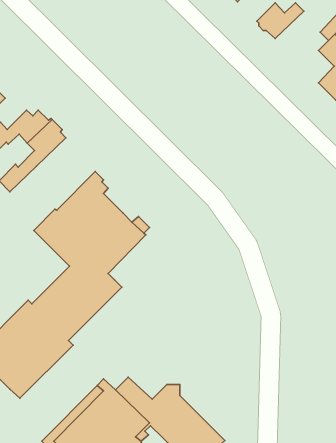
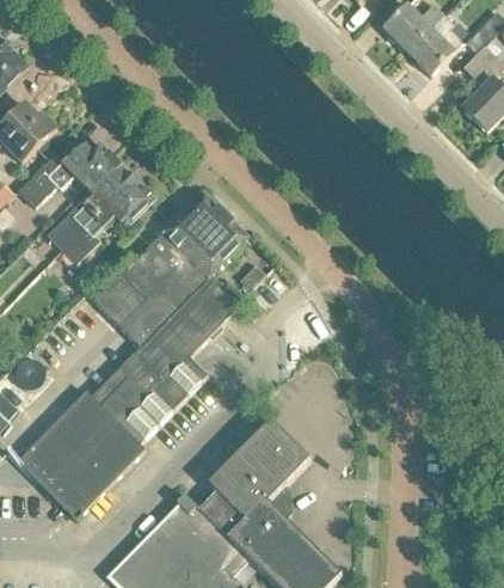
building: none -> [406,16,453,75]
building: none -> [61,180,152,264]
building: none -> [172,194,247,278]
building: none -> [208,423,308,521]

